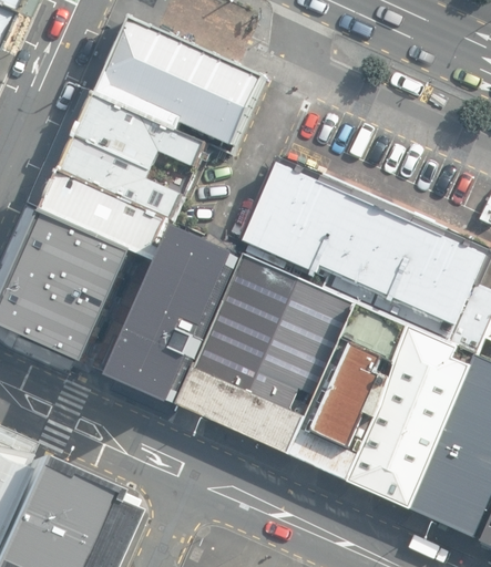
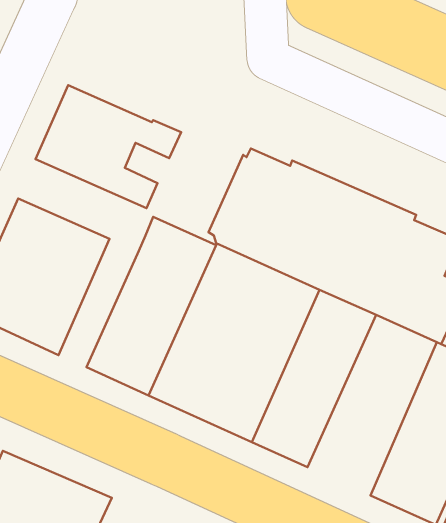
building: [93,16,266,144] -> none
building: [42,166,173,259] -> none
building: [337,324,469,508] -> none

